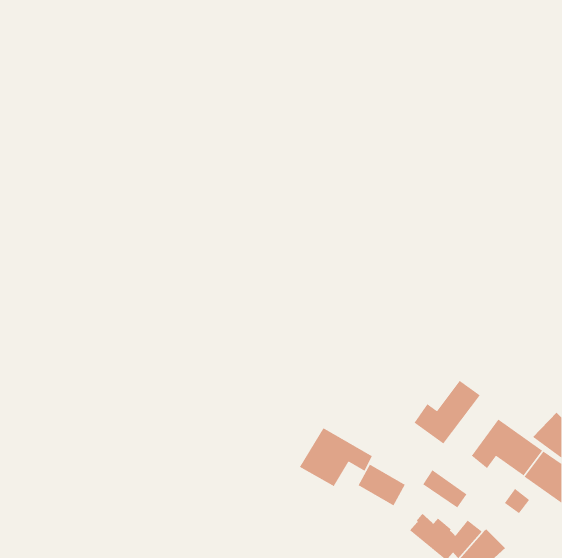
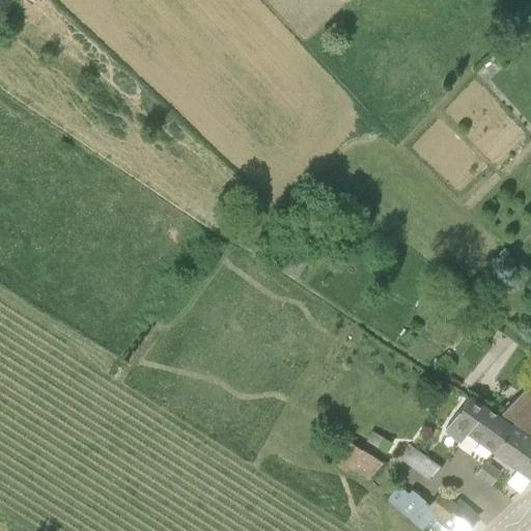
building: [414,380,481,445] -> none
building: [299,427,373,487] -> none

